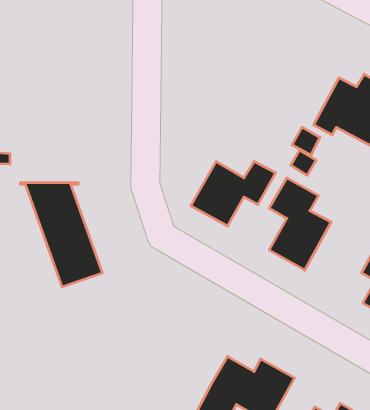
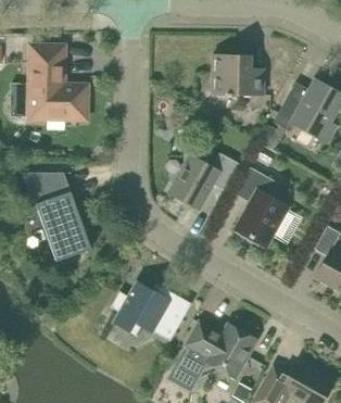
building: none -> [27,47,86,123]
building: none -> [211,55,264,98]
building: none -> [110,281,191,342]

